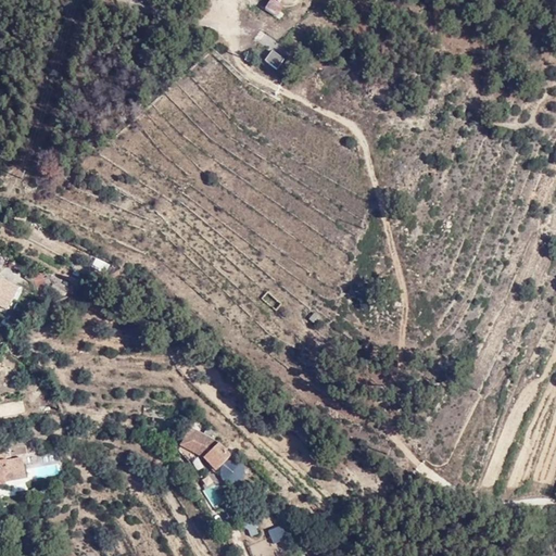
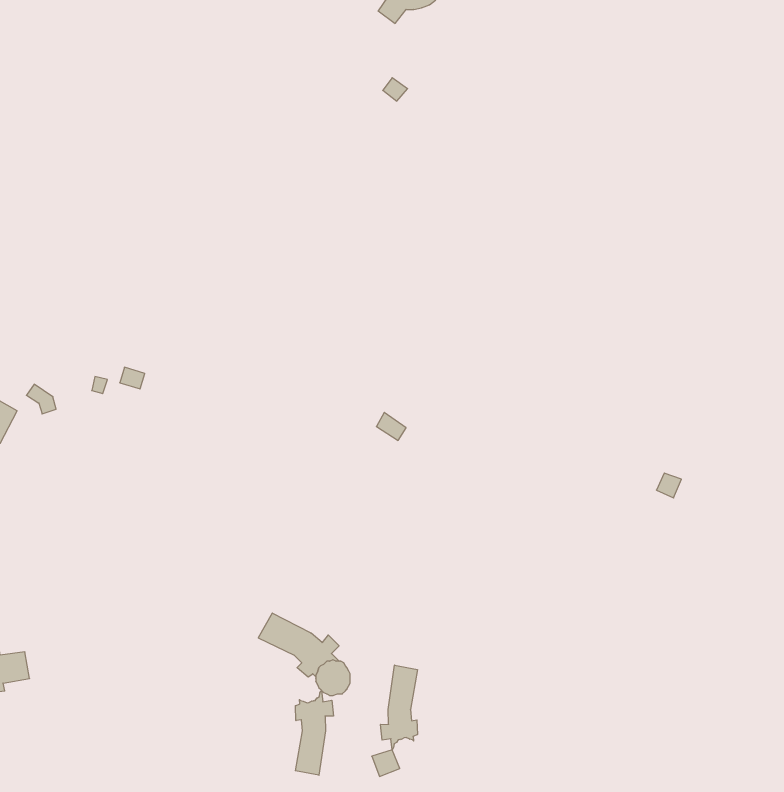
building: none -> [381,665,417,750]
building: none -> [295,690,333,775]

